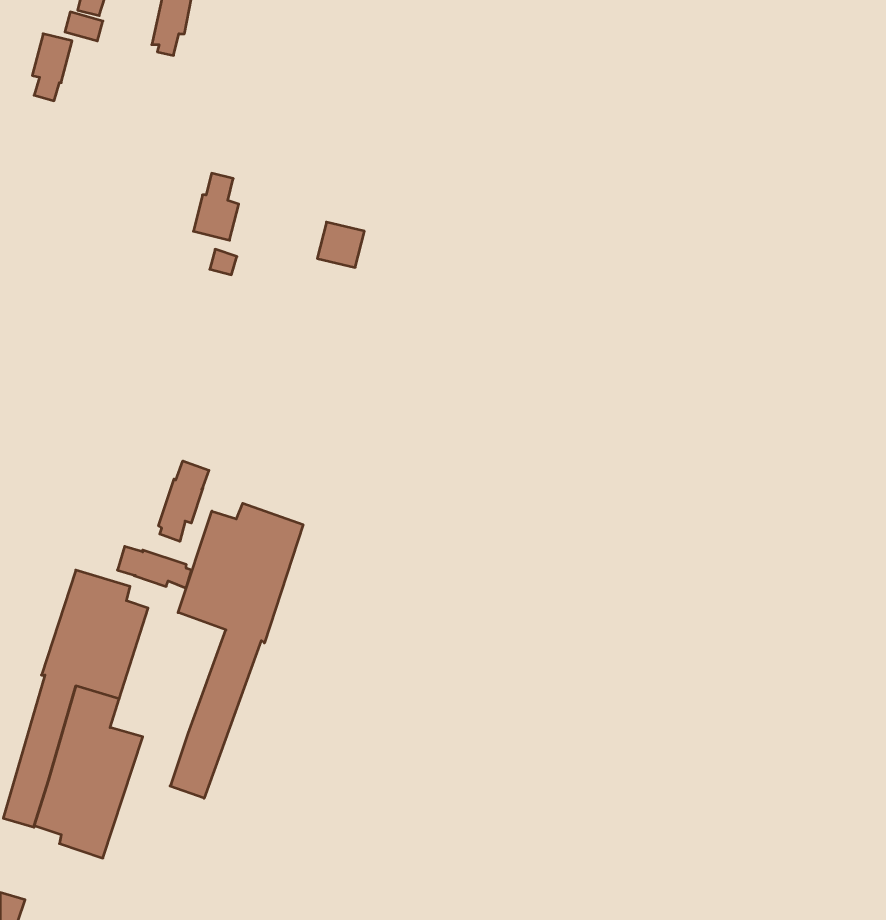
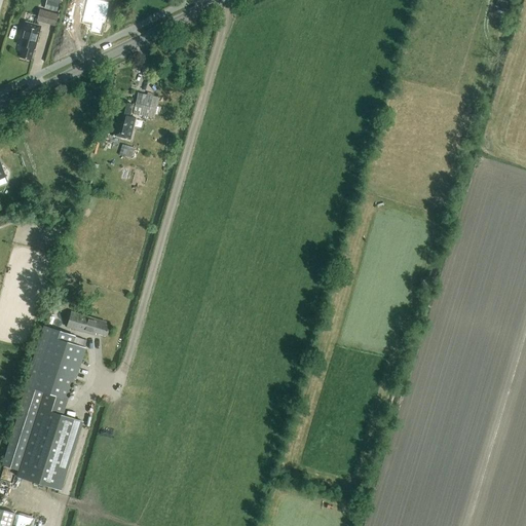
building: [317,222,364,267] -> [133,91,159,117]
building: [159,461,209,541] -> none
building: [170,503,303,798] -> none

